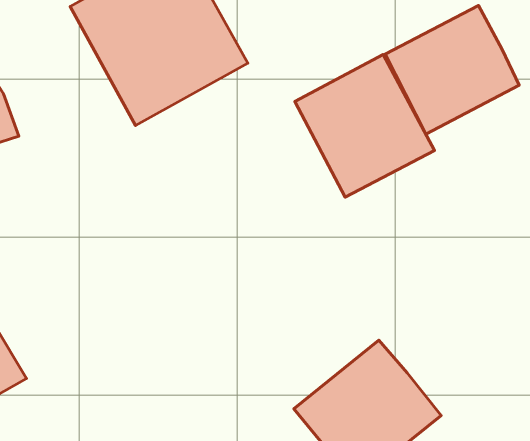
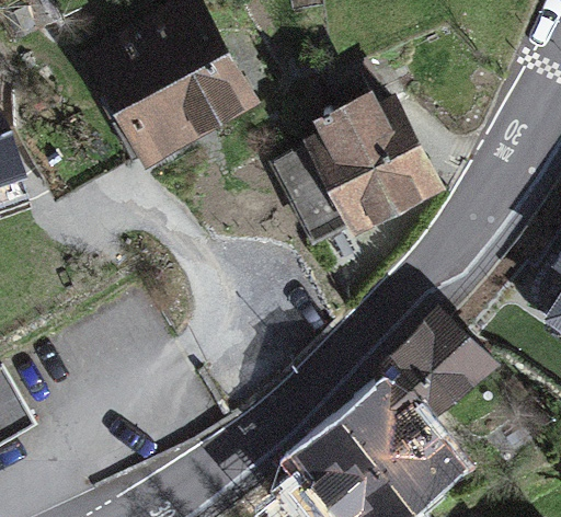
building: [385,5,519,134] -> none
building: none -> [375,312,486,417]

